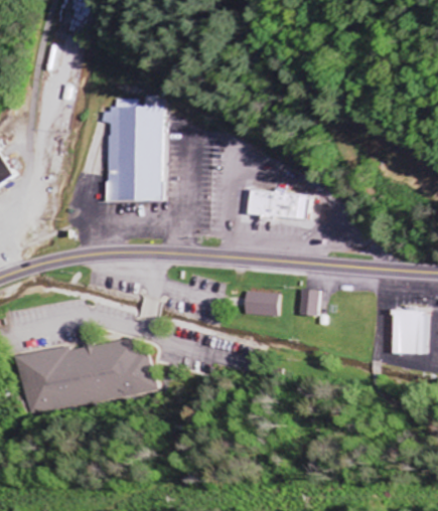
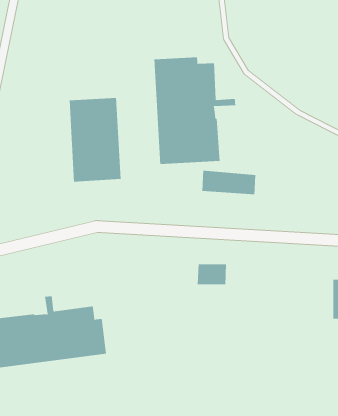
building: none -> [154,56,236,165]
building: [301,290,319,317] -> none

